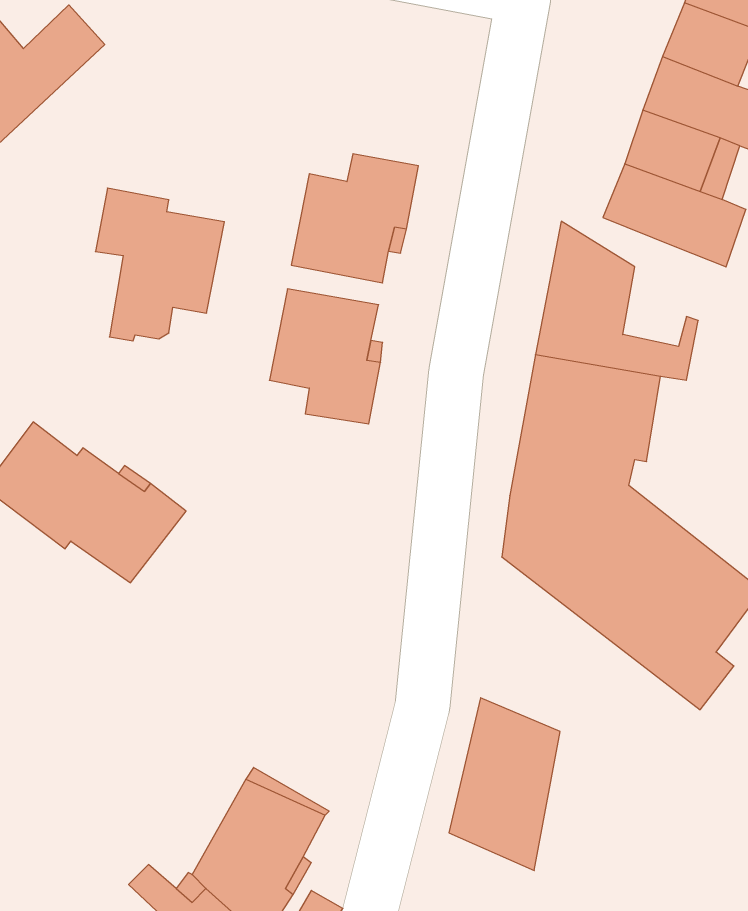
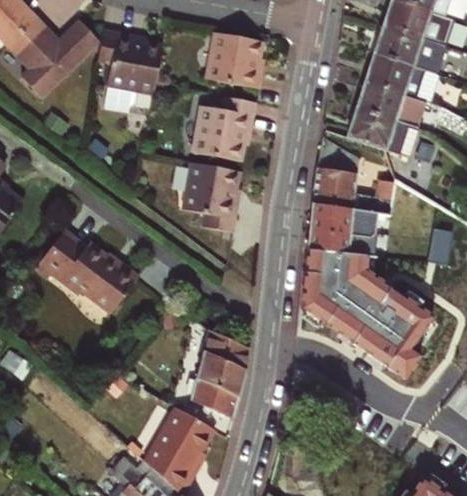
building: none -> [206,32,262,88]
building: [95,188,224,341] -> [97,29,162,106]
building: [449,698,560,871] -> [190,328,246,415]

